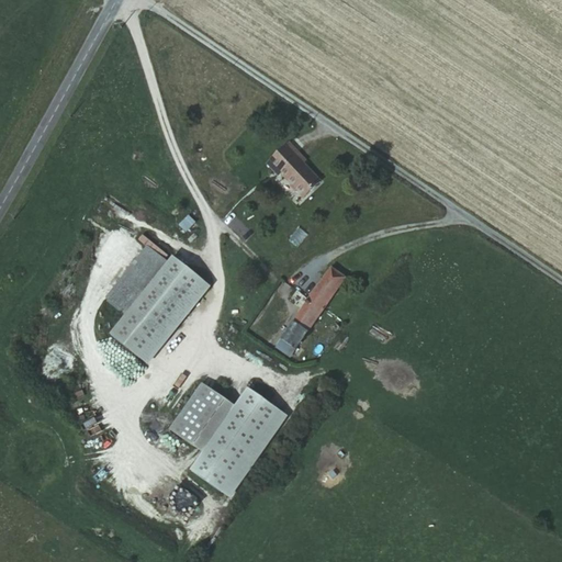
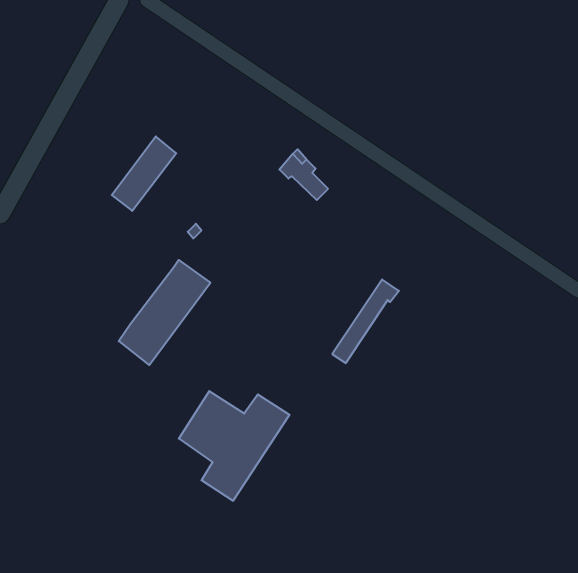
building: [106,247,169,319] -> [112,136,176,211]
building: [283,266,348,347] -> [332,279,399,363]

